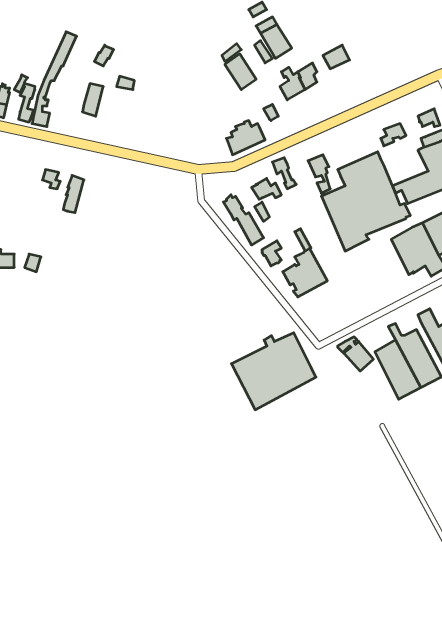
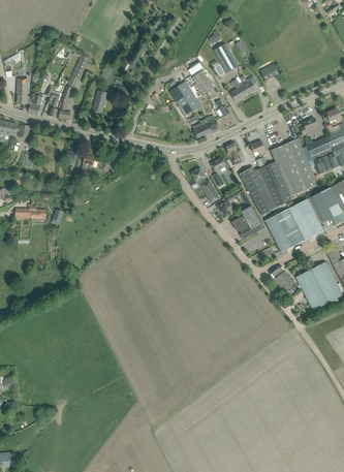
building: none -> [169,81,201,116]
building: none -> [303,136,334,161]
building: none -> [239,166,276,214]
building: [231,333,316,410] -> [264,198,323,252]

